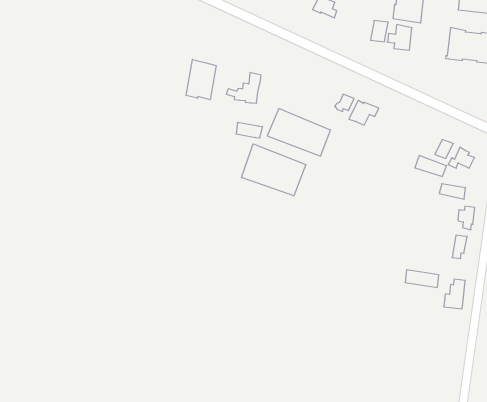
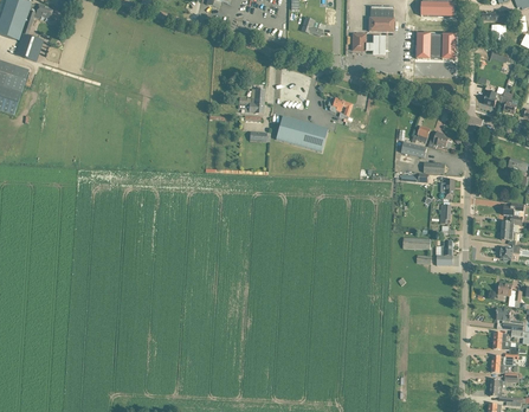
building: [186,59,216,100] -> none
building: [241,144,306,196] -> none

